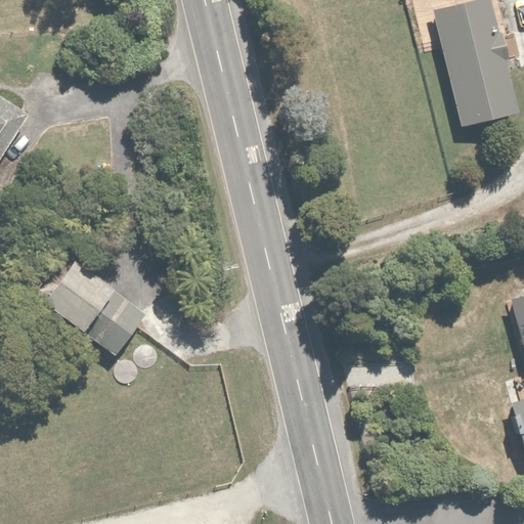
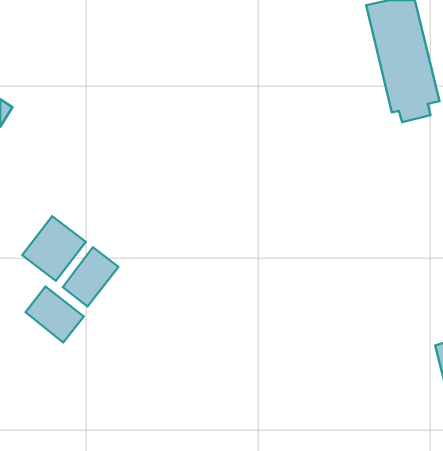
building: none -> [26,287,84,343]

